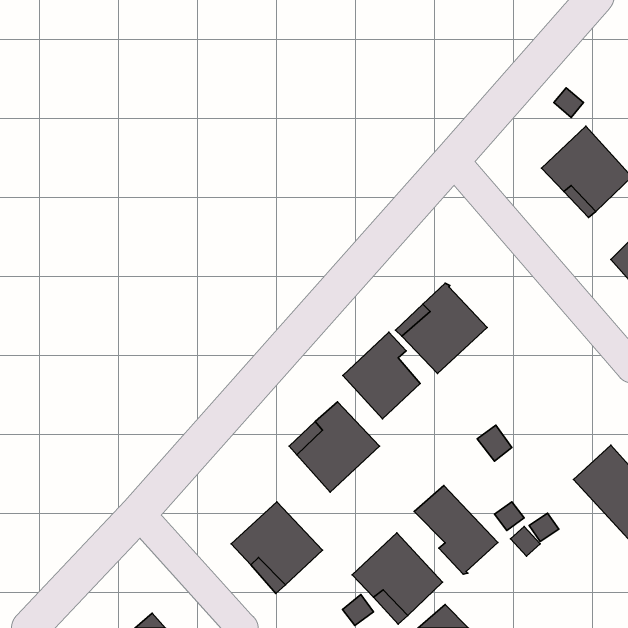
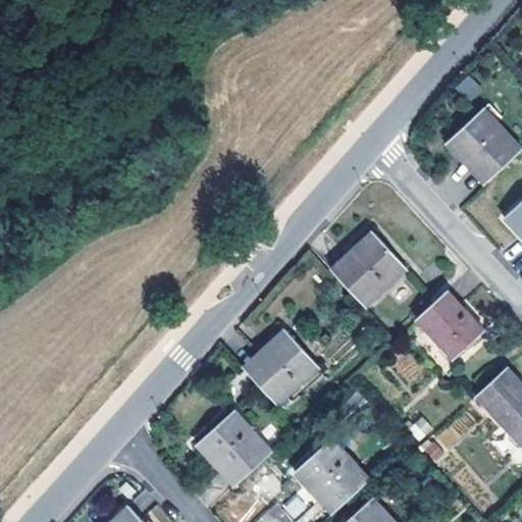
building: [343,332,420,419] -> none
building: none -> [415,292,484,361]
building: [414,485,498,574] -> none

